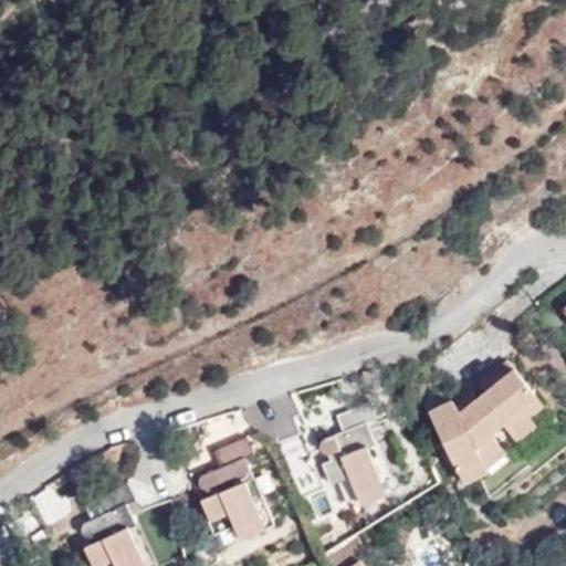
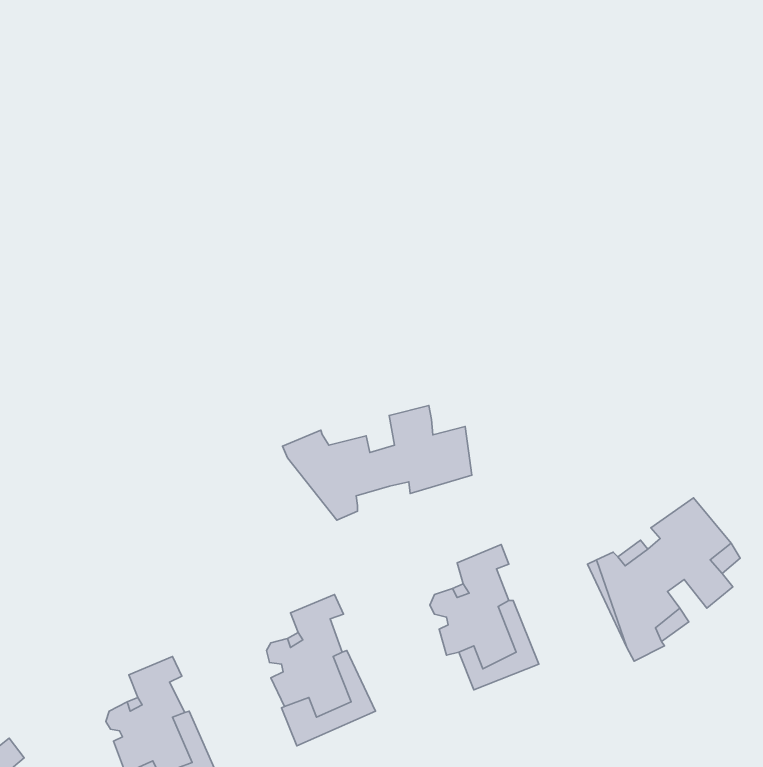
building: none -> [282,406,472,520]

